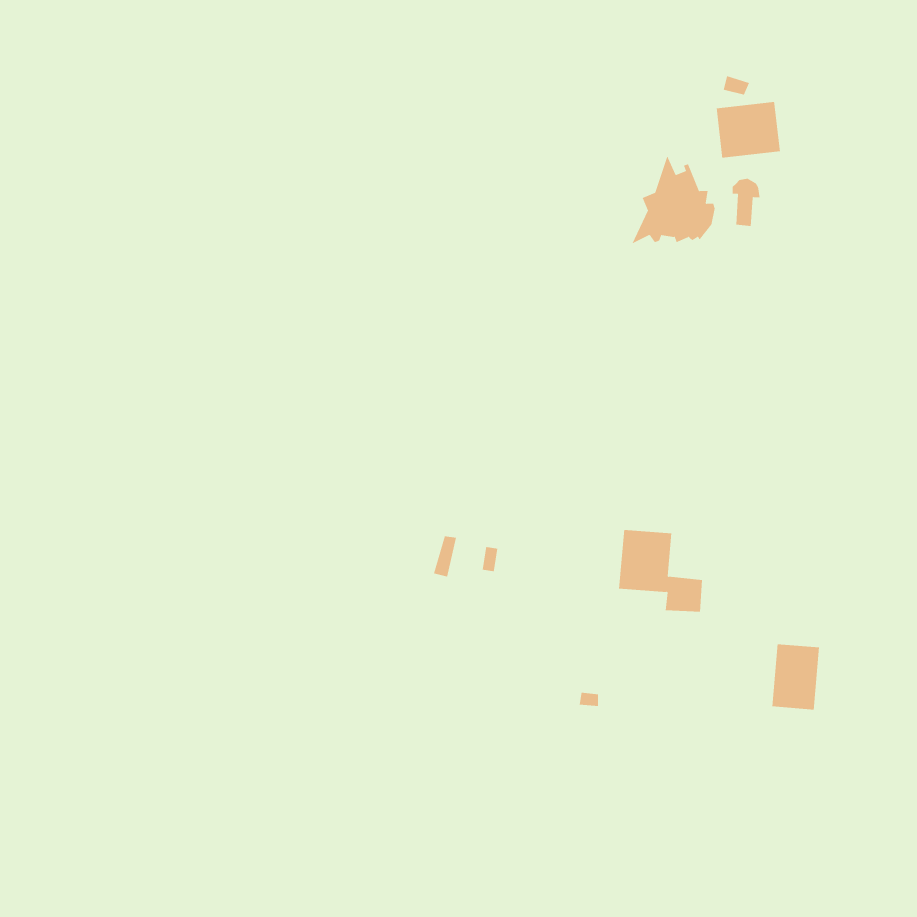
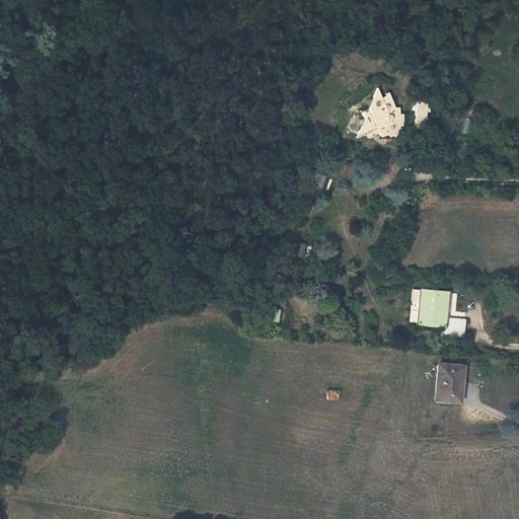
building: [716,101,781,159] -> none
building: [618,530,703,612] -> [419,290,466,337]

